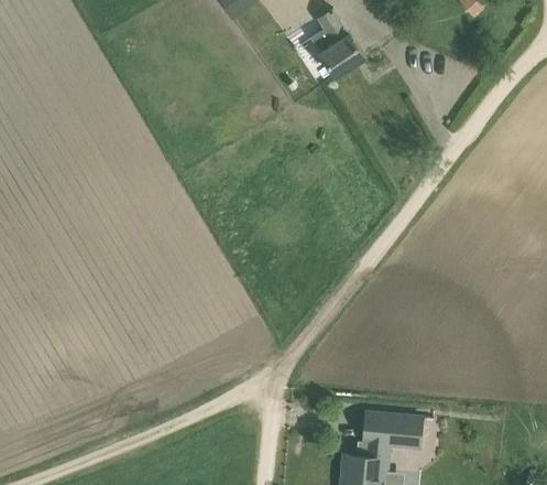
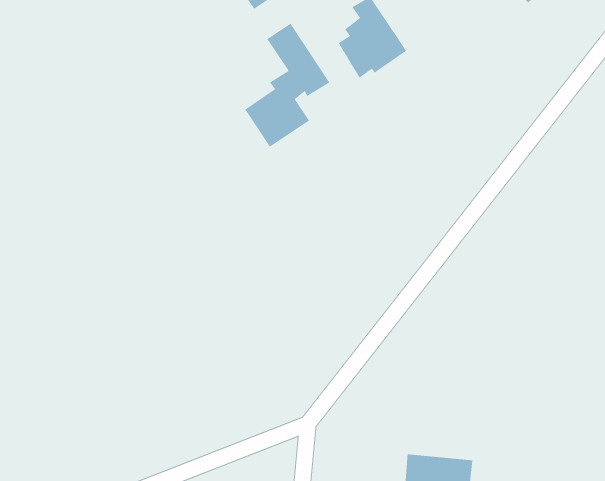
building: none -> [245,23,330,148]

